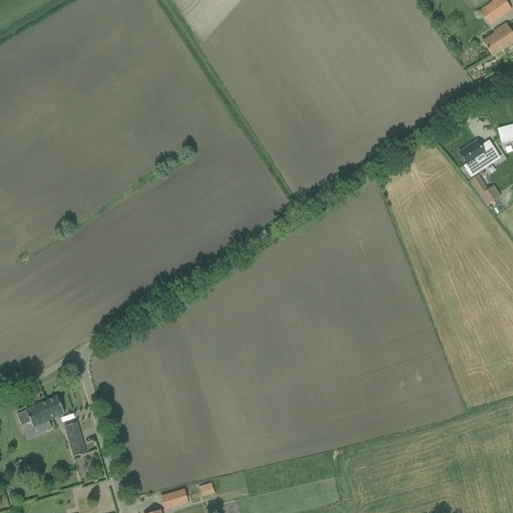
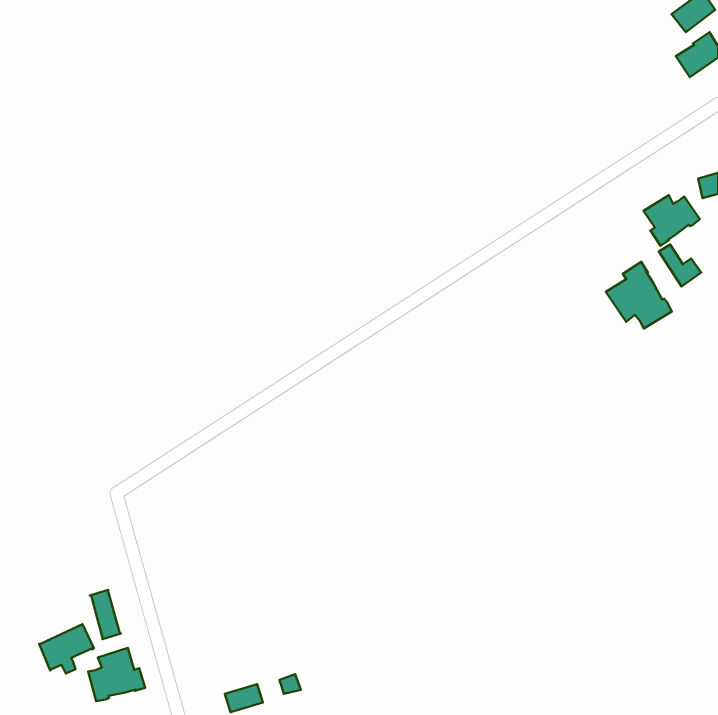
building: none -> [606,262,672,328]
building: [25,395,64,430] -> [39,624,94,673]
building: none -> [88,648,145,701]

